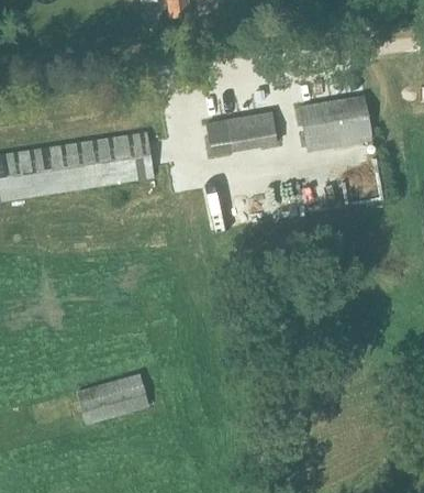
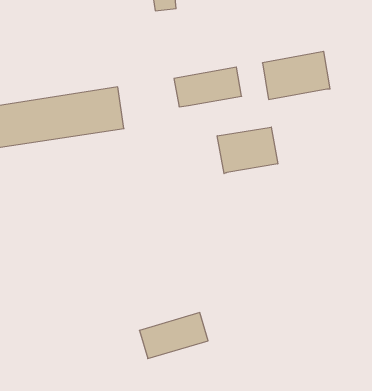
building: none -> [217,127,278,174]
building: [75,375,147,424] -> [139,313,208,359]

